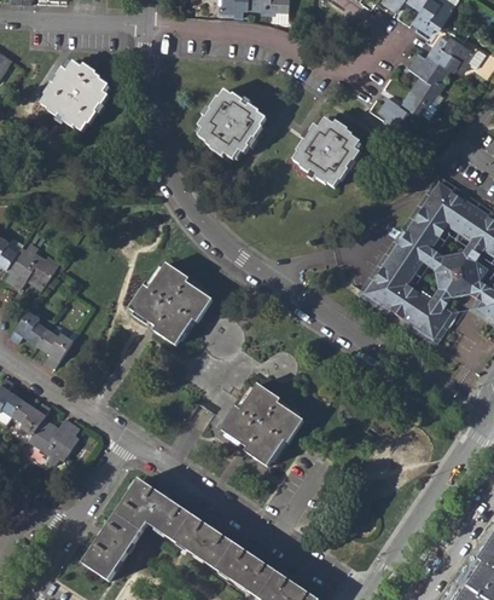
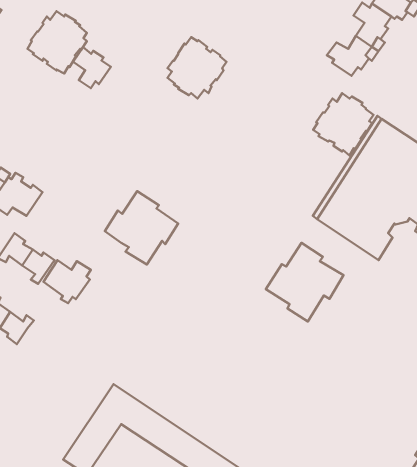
building: none -> [73,47,111,88]
building: [294,119,361,189] -> [313,93,373,156]
building: [220,376,307,465] -> [266,243,343,321]
building: [27,417,80,466] -> [44,260,91,303]

